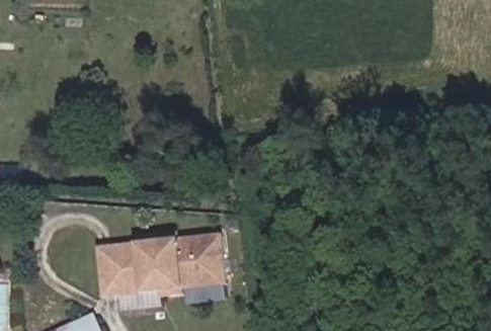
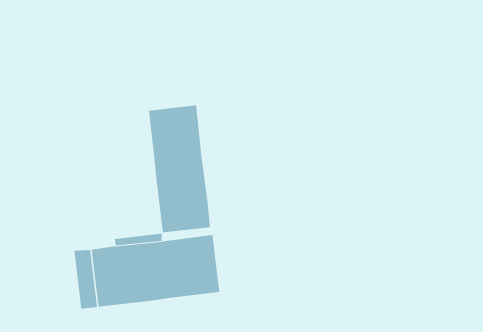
building: none -> [148,105,211,233]

